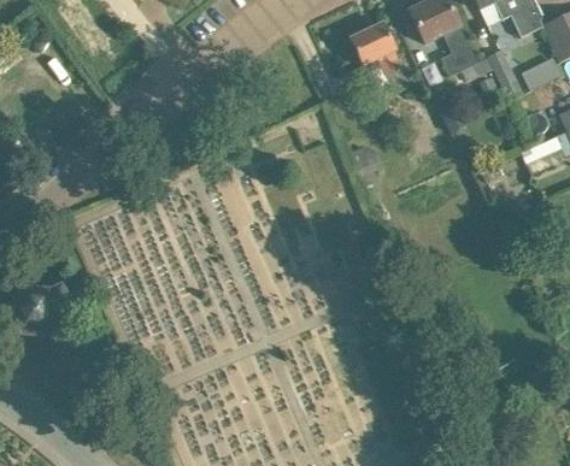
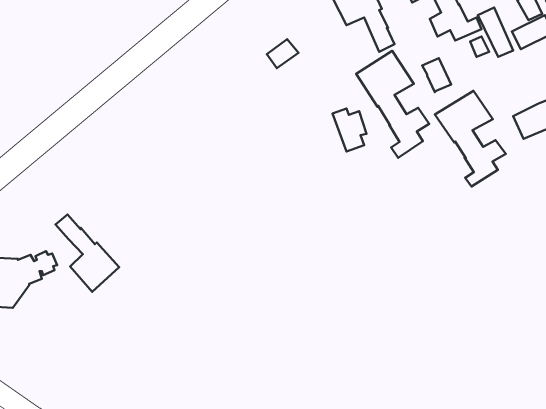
building: none -> [356,51,429,158]
building: none -> [435,91,506,187]
building: none -> [55,215,119,292]

